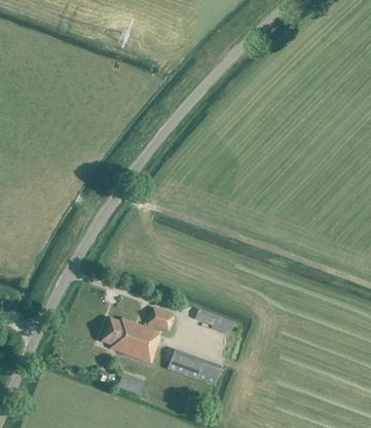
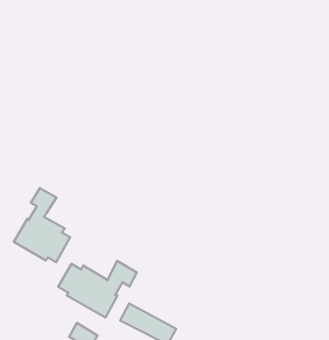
building: none -> [14,188,70,262]
building: [195,309,234,335] -> none

